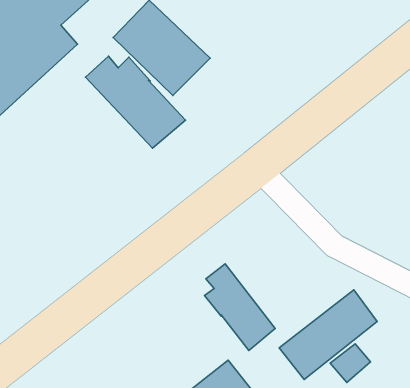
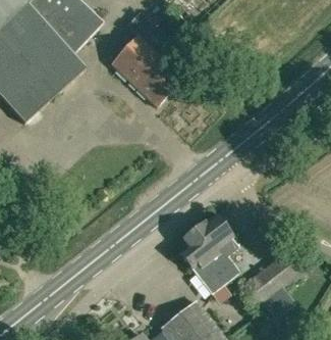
building: [86,56,185,148] -> none
building: none -> [194,214,239,278]

